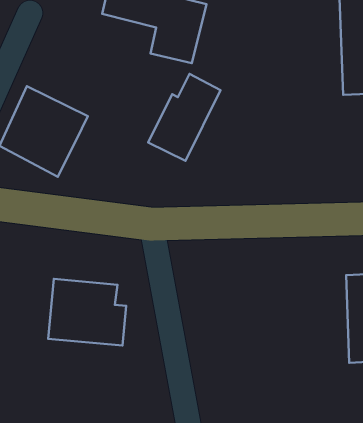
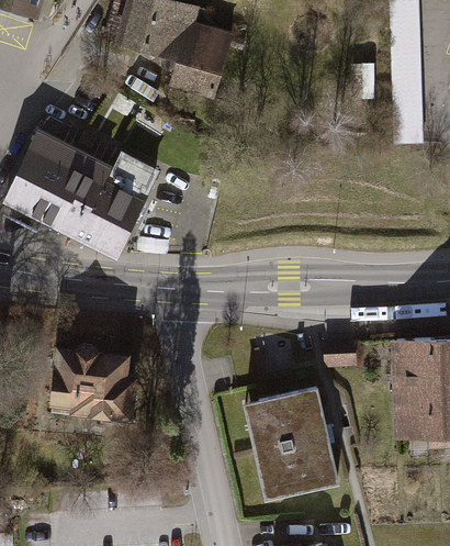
building: [148,74,220,161] -> [69,154,151,253]
building: none -> [245,389,349,502]

